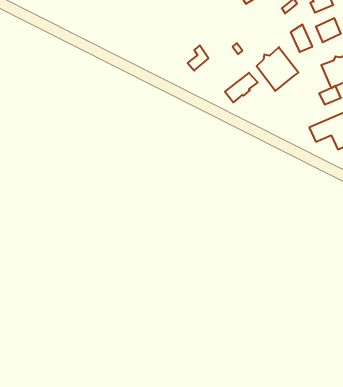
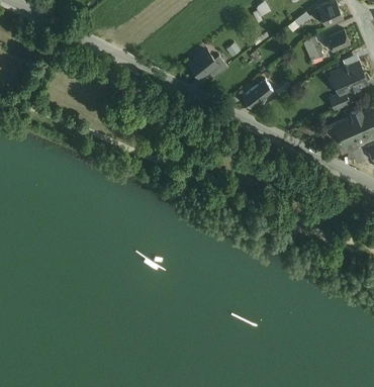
building: none -> [188,51,216,77]
building: [257,47,298,91] -> none

